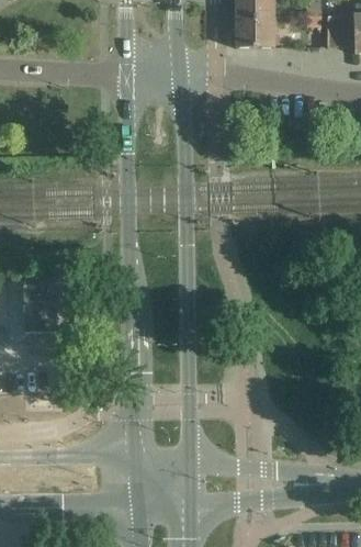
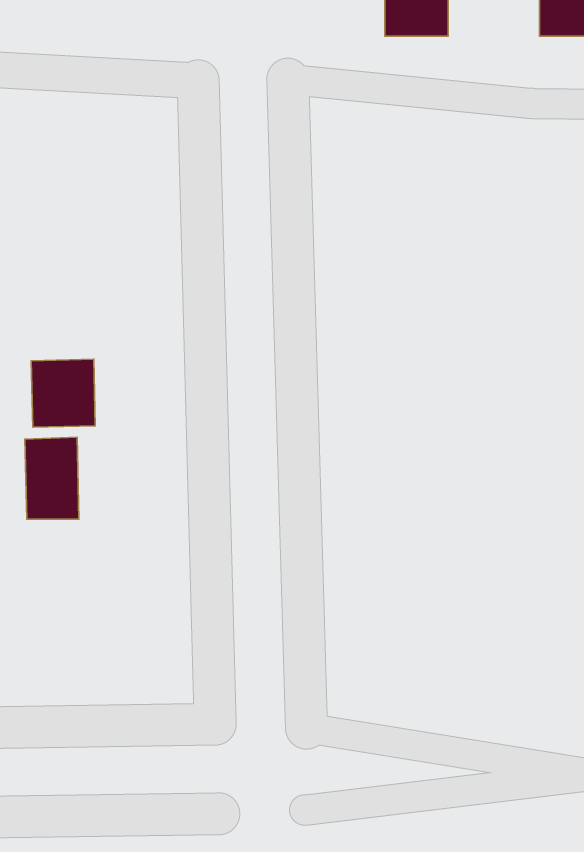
building: none -> [31,359,95,427]

